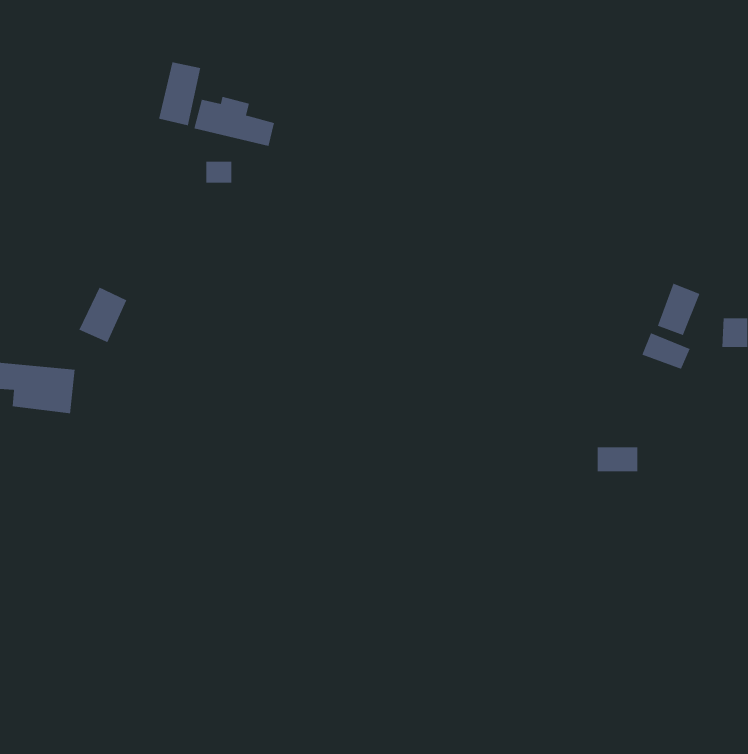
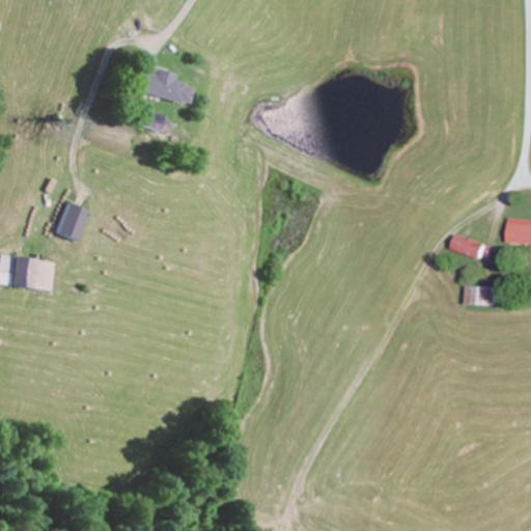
building: [159,61,201,126] -> none
building: [657,283,700,336] -> none
building: [597,447,638,472] -> [466,286,495,304]

